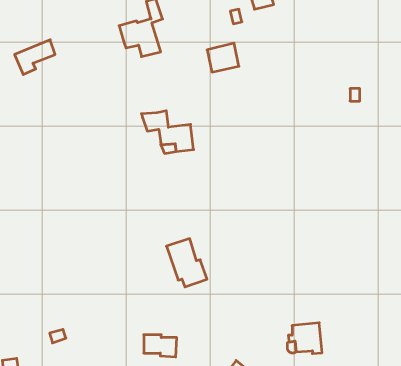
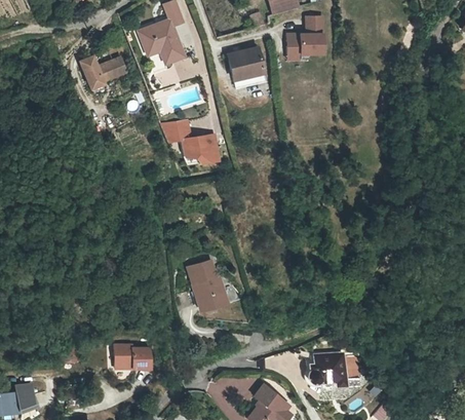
building: none -> [287,15,326,63]
building: [15,40,55,75] -> [82,55,125,92]
building: [144,335,177,357] -> [121,341,156,365]

